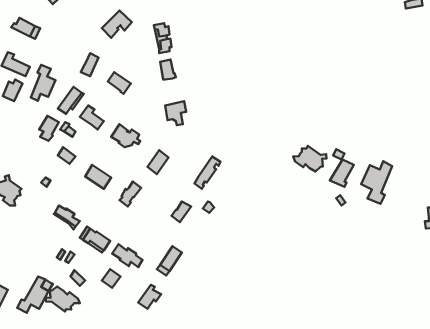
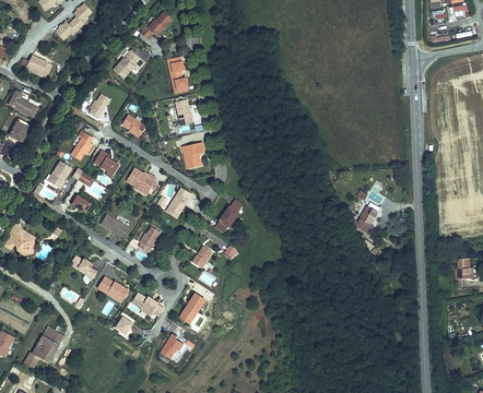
building: [31,65,55,101] -> none
building: [293,146,327,172] -> none
building: [361,161,392,204] -> none
building: [46,287,80,312] -> none

